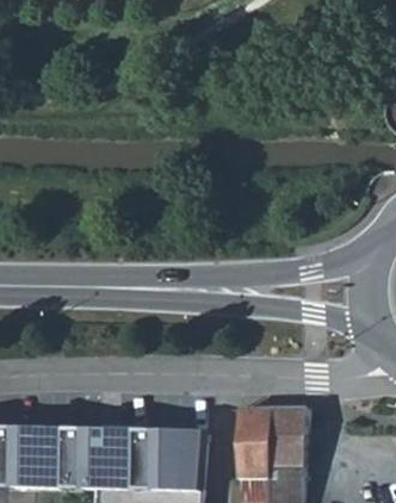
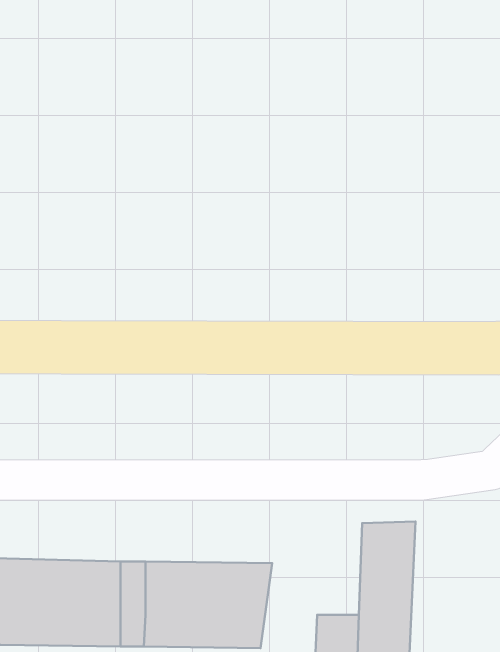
building: [236,405,268,471] -> none

